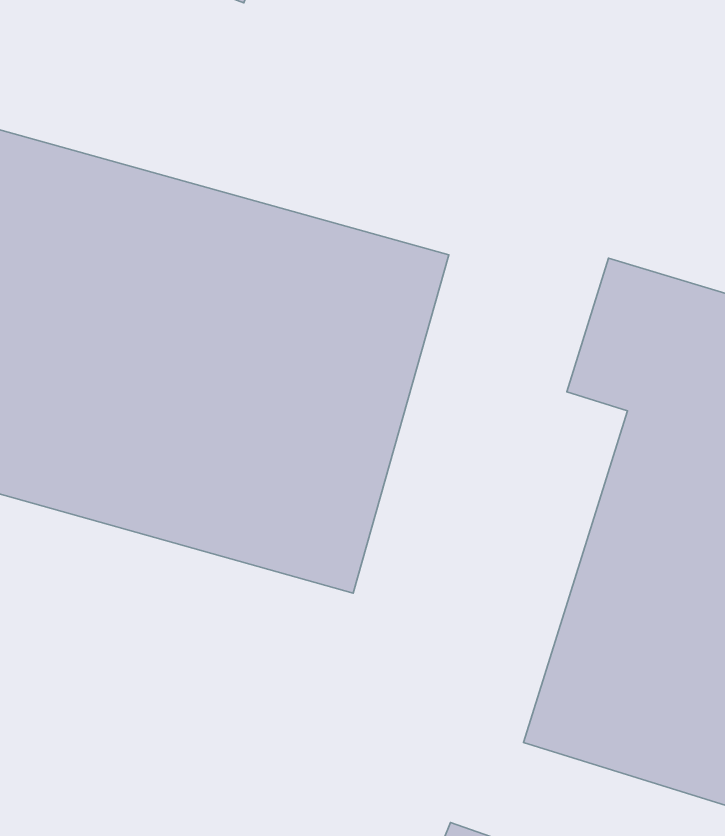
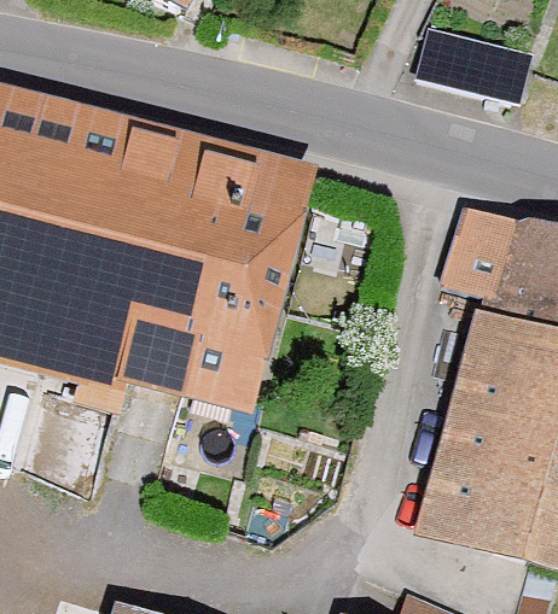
building: none -> [414,24,535,110]

